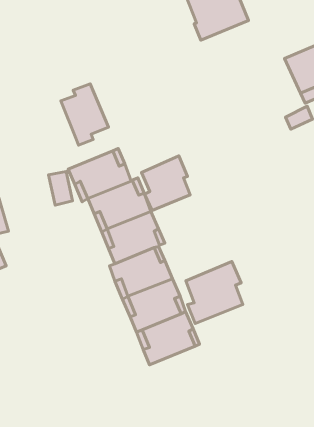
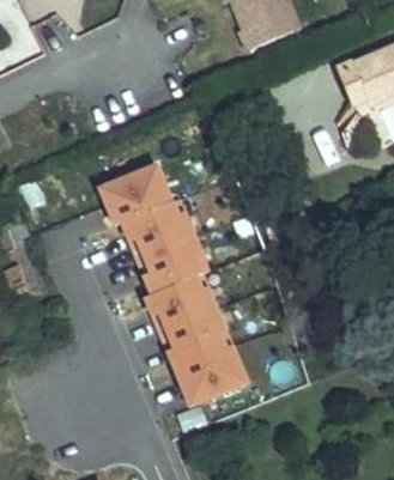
building: [61,84,109,145] -> none
building: [141,156,190,210] -> none
building: [186,262,243,324] -> none

